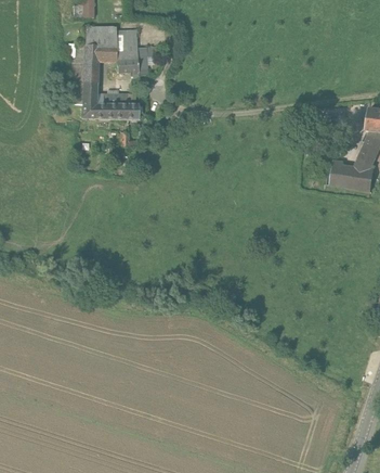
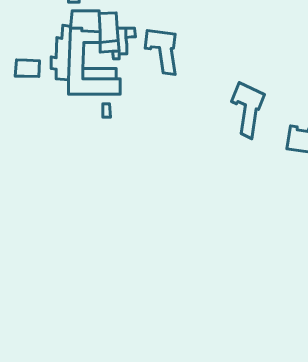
building: none -> [145,30,175,75]
building: none -> [15,60,39,77]
building: none -> [232,83,265,139]

